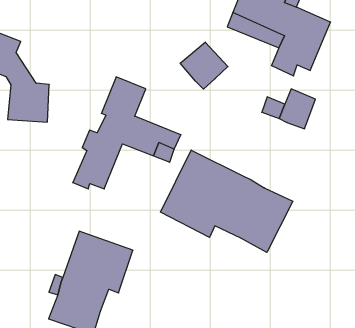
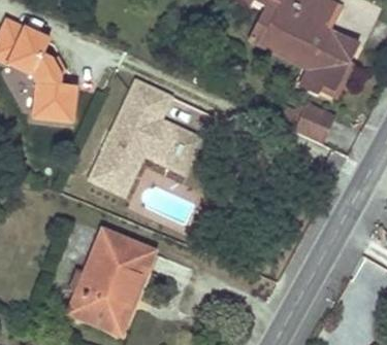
building: [180,42,228,89] -> none
building: [160,150,293,252] -> none

